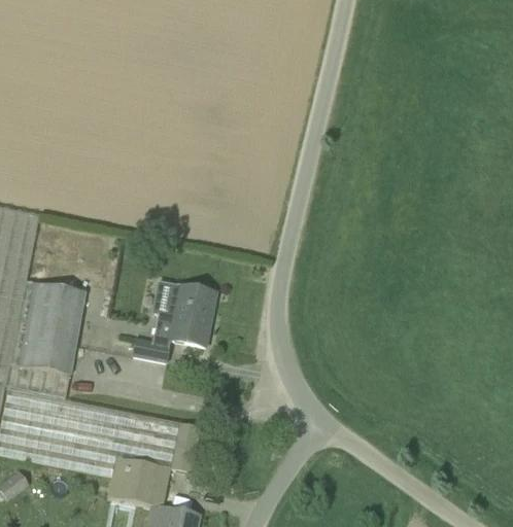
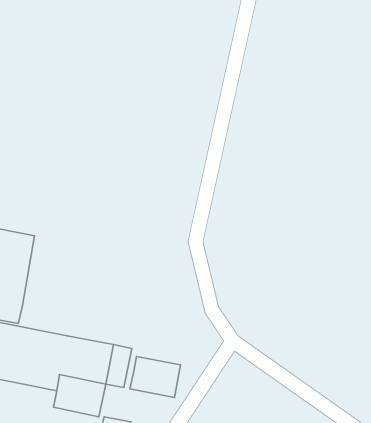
building: [132,286,210,361] -> none
building: none -> [130,357,181,397]

